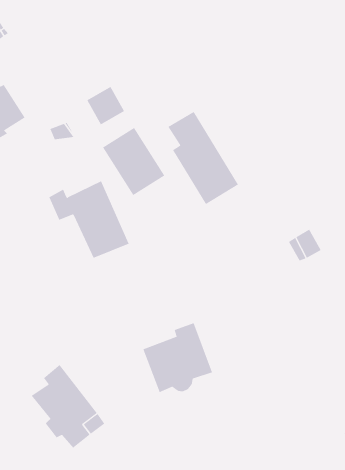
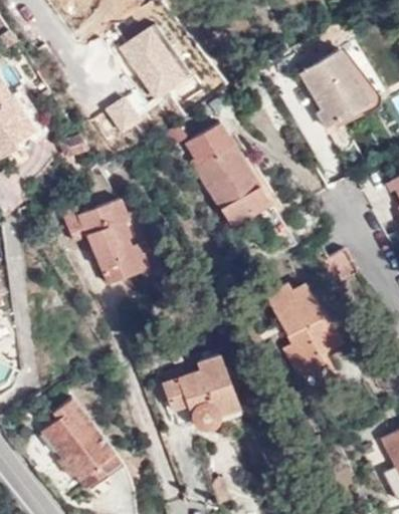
building: none -> [306,55,368,130]
building: [102,127,165,196] -> [119,28,187,102]
building: none -> [266,283,341,375]

